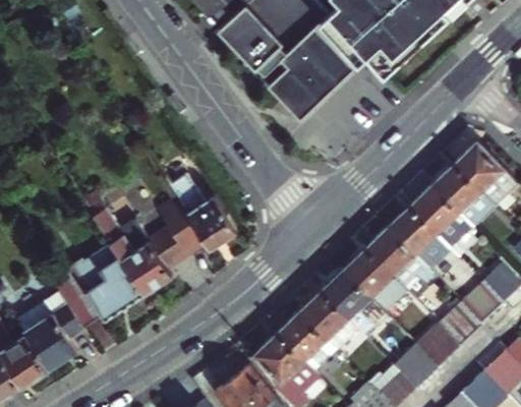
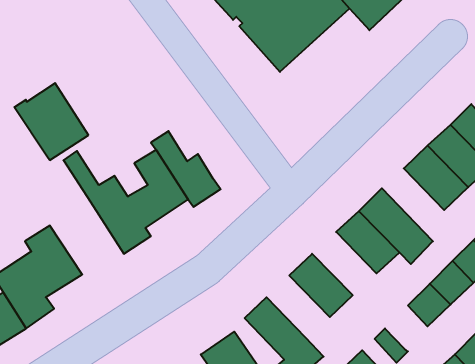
building: [393,208,464,279] -> none
building: [68,240,140,315] -> [14,83,88,160]
building: [325,270,388,332] -> none
building: [280,312,342,373] -> none
building: [396,342,438,385] -> none

